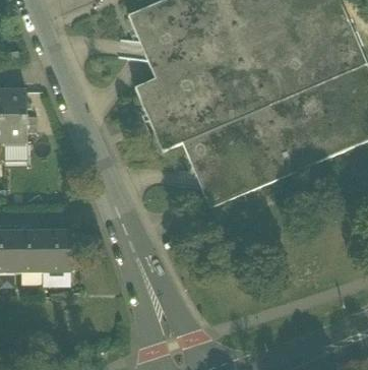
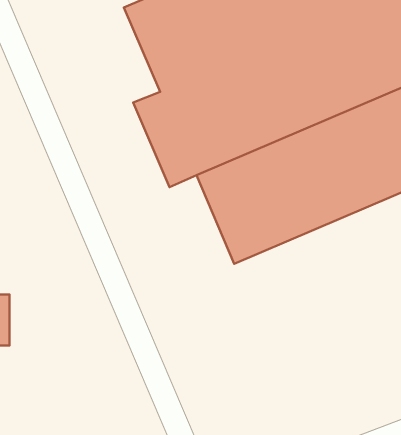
building: [40,232,68,270] -> none

